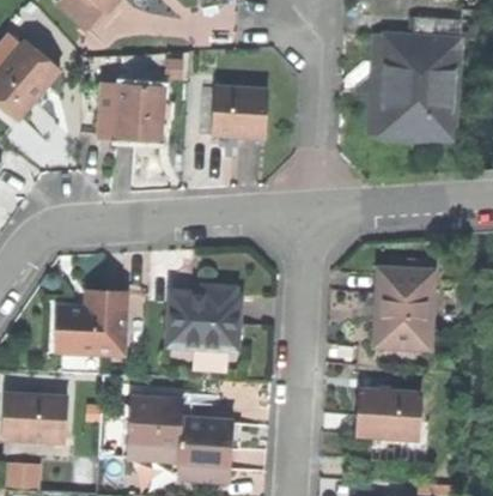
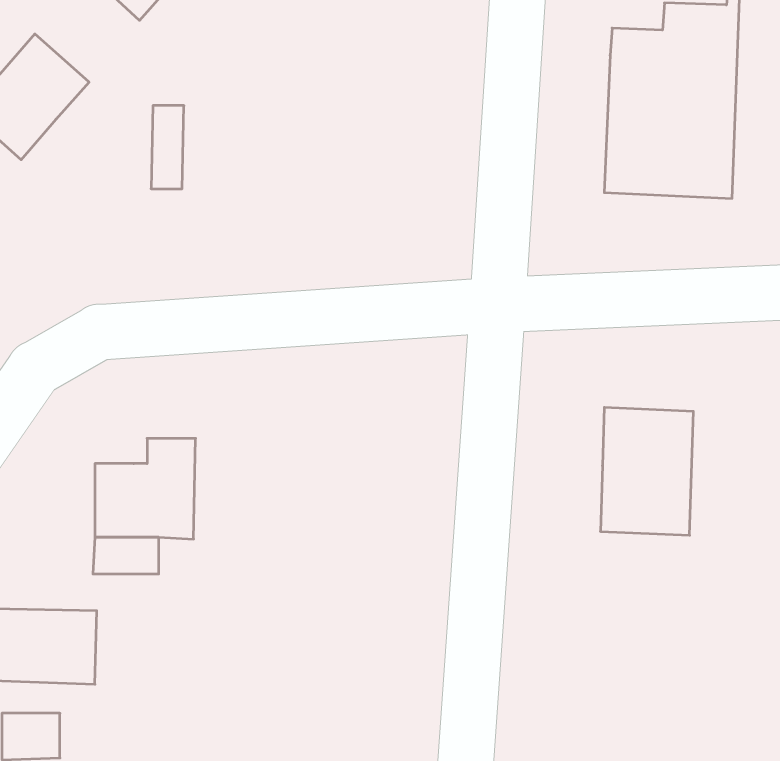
building: [116,84,158,140] -> none
building: [213,90,263,138] -> none
building: [168,284,239,349] -> none
building: [355,388,420,437] -> none
building: [127,401,231,471] -> none

